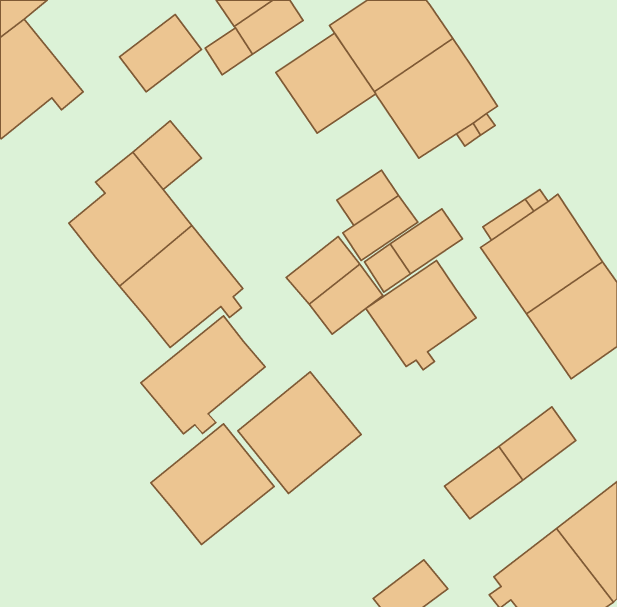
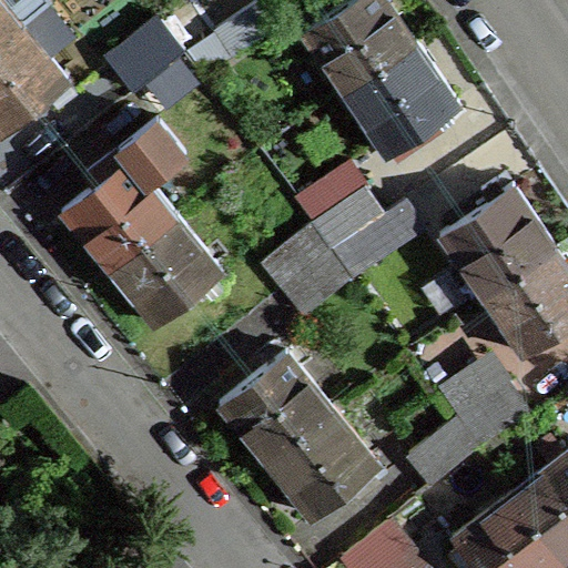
building: [276,33,376,133] -> none
building: [366,260,476,370] -> none
building: [141,316,265,434] -> none
building: [151,424,274,544] -> [265,408,378,519]

